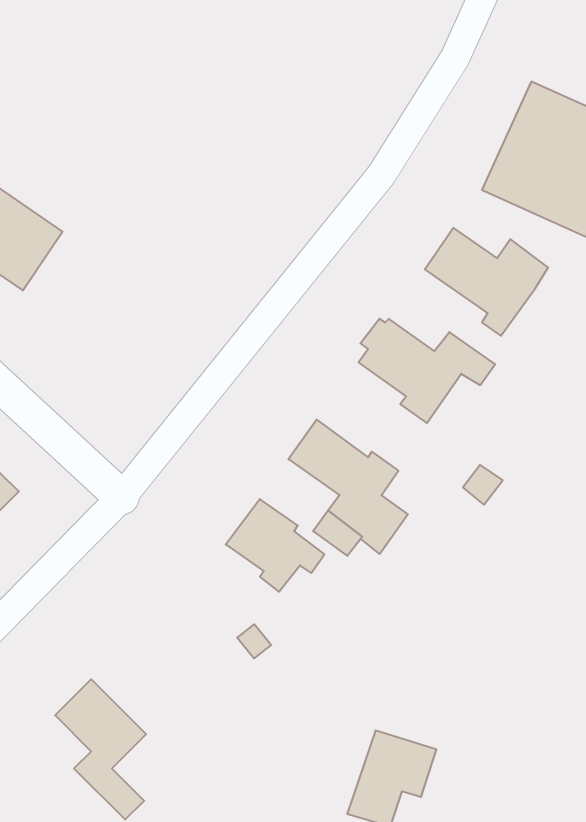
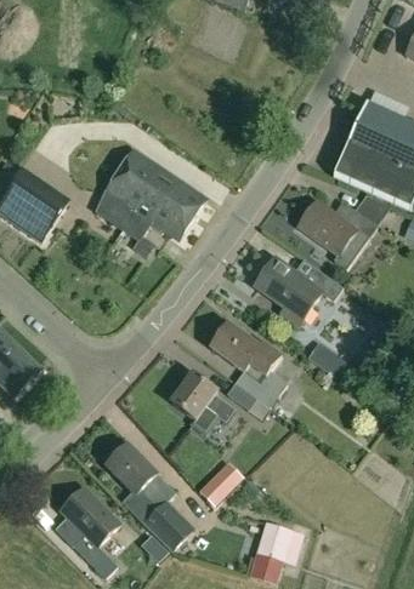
building: none -> [96,149,205,255]
building: none -> [106,444,187,550]
building: none -> [199,461,242,503]

